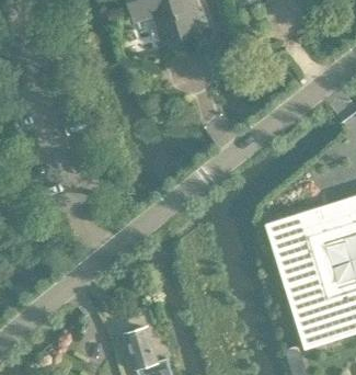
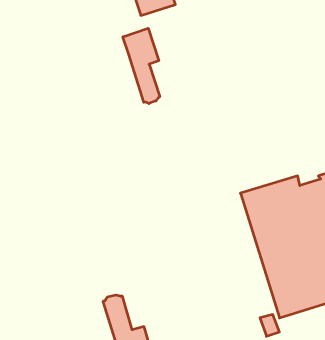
building: none -> [123,28,160,104]

